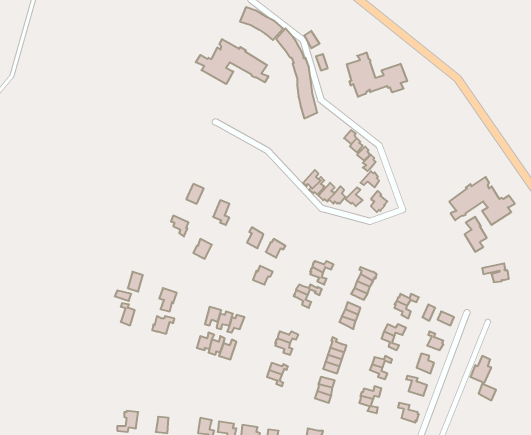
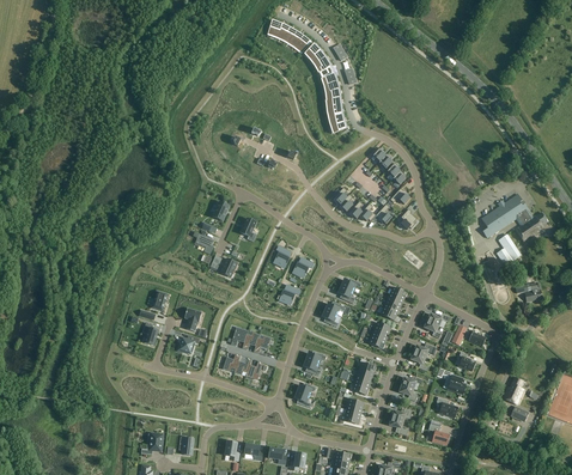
building: [196,39,268,84] -> none
building: [347,52,407,97] -> none

